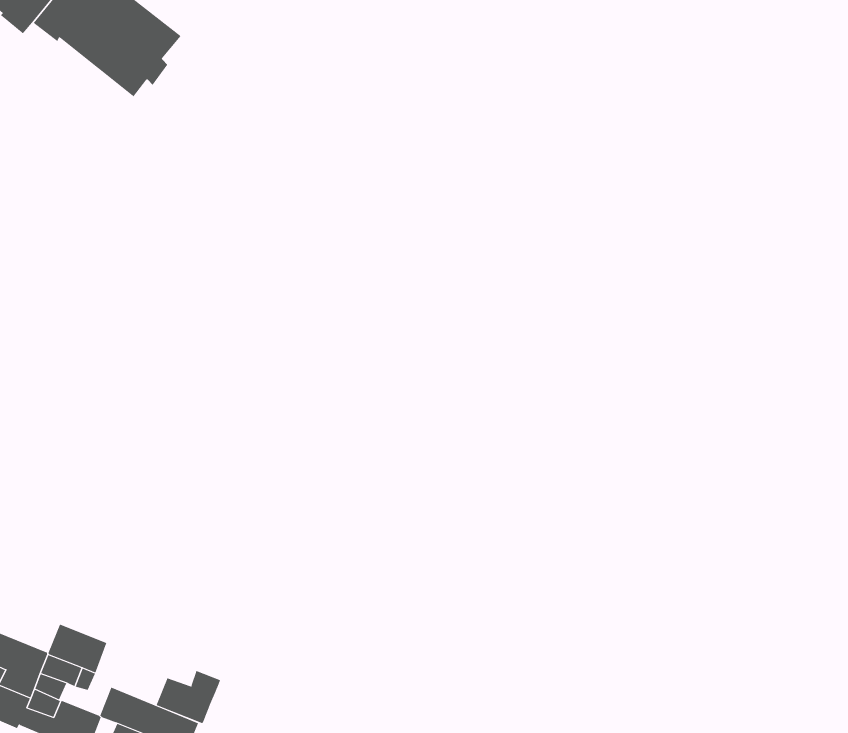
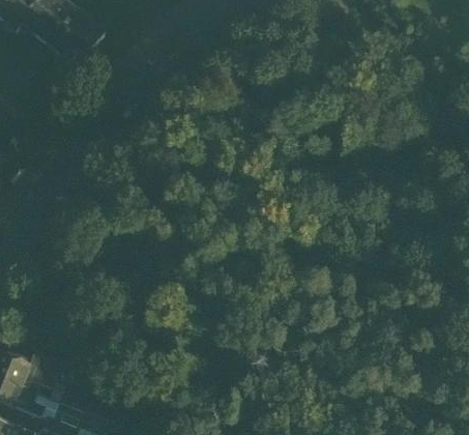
building: [156,670,221,724] -> none

